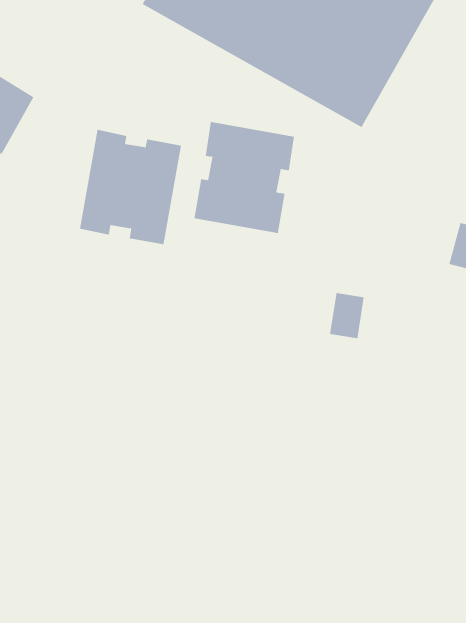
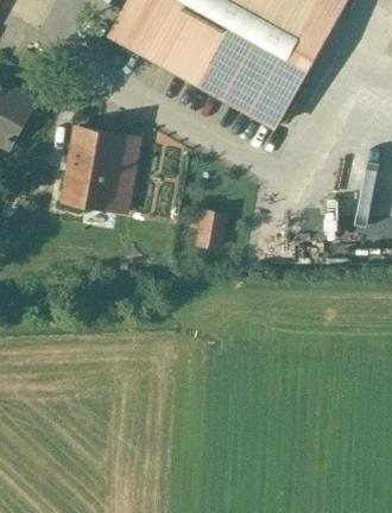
building: [194,121,295,234] -> none
building: [329,292,365,339] -> [198,213,225,247]

